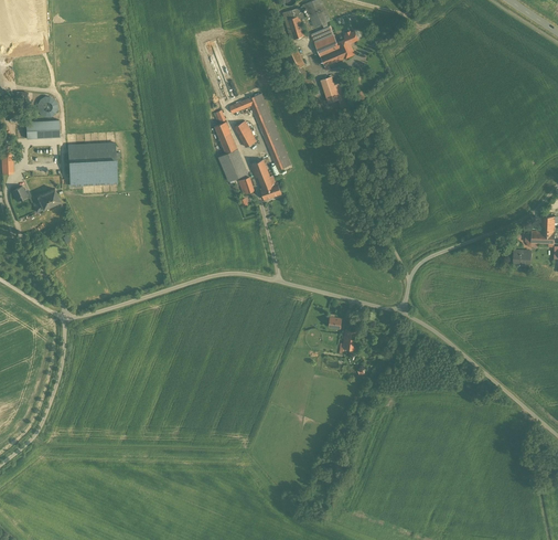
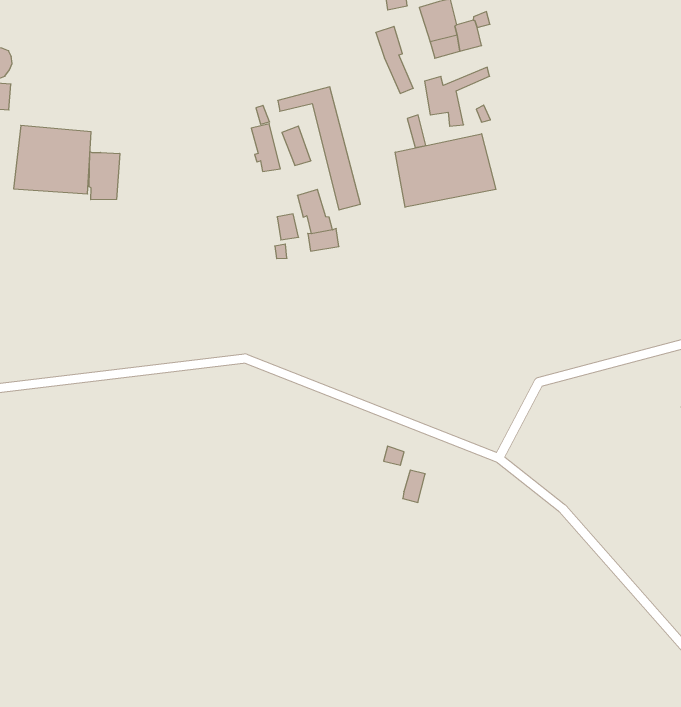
building: none -> [395,134,496,207]
building: [218,149,247,181] -> none
building: none -> [89,151,120,200]

